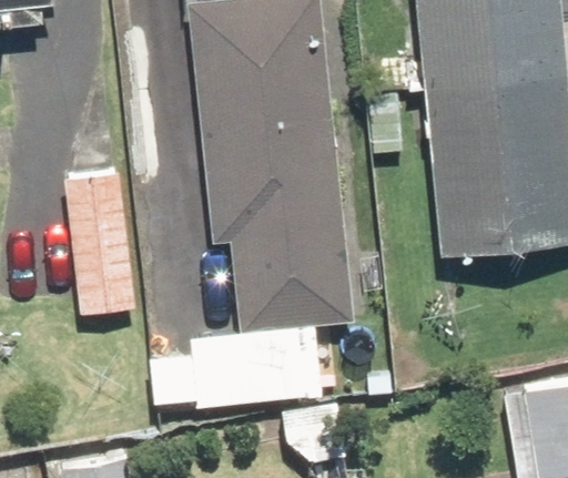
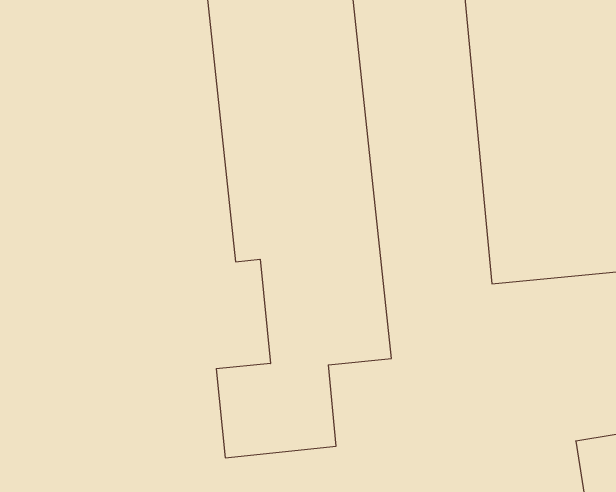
building: [67,165,145,318] -> none

